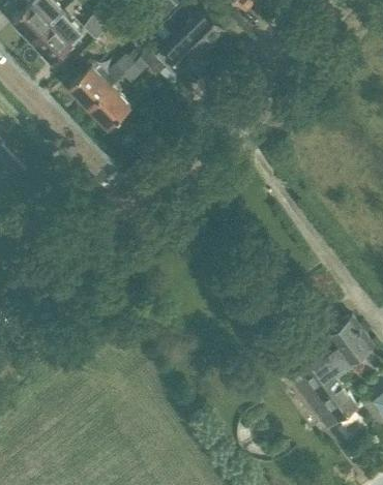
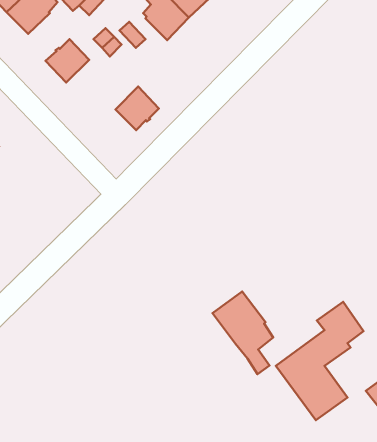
building: [86,87,127,128] -> [115,87,159,130]
building: none -> [212,292,273,374]

